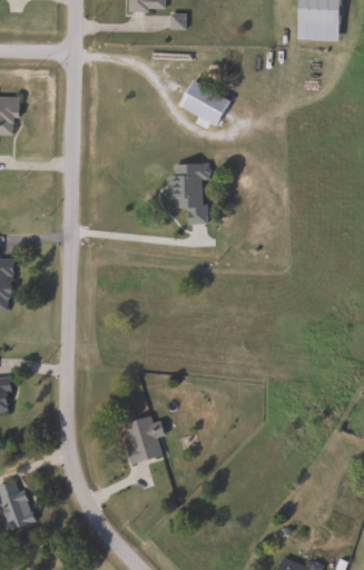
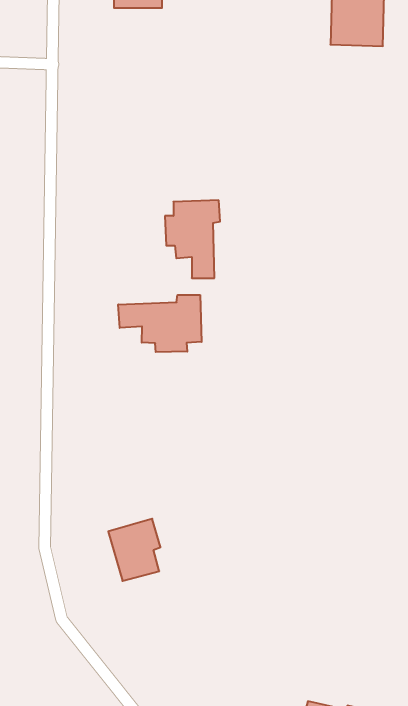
building: [179,79,232,126] -> none
building: none -> [118,295,202,352]

